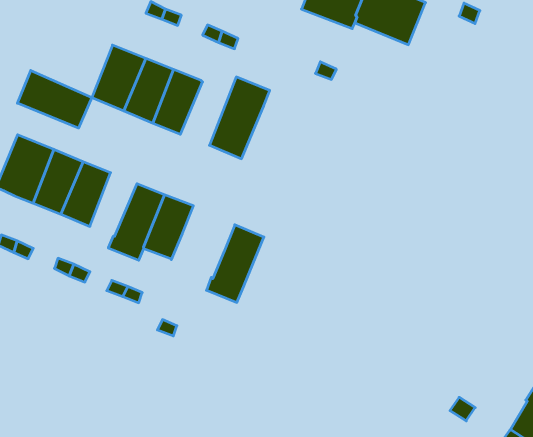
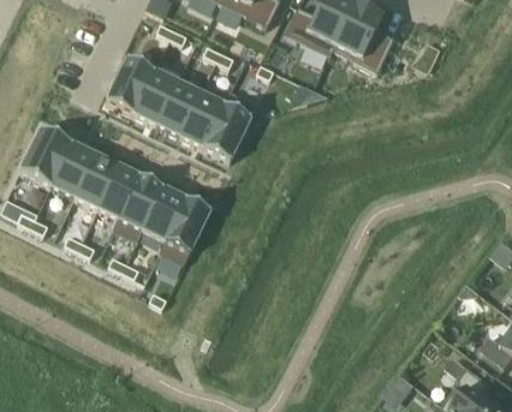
building: none -> [180,82,231,147]
building: [17,70,92,128] -> none
building: none -> [99,165,141,219]
building: [206,225,264,302] -> [160,197,212,263]

